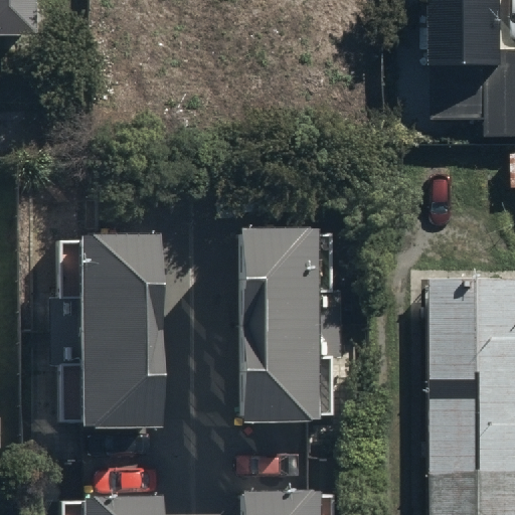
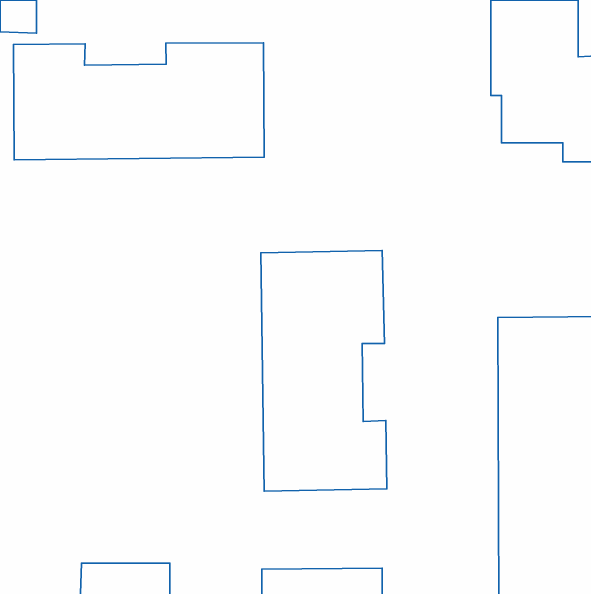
building: none -> [13,43,264,160]
building: [74,226,159,427] -> none

